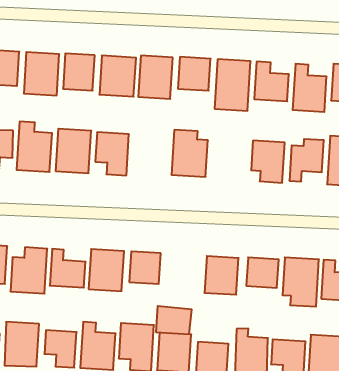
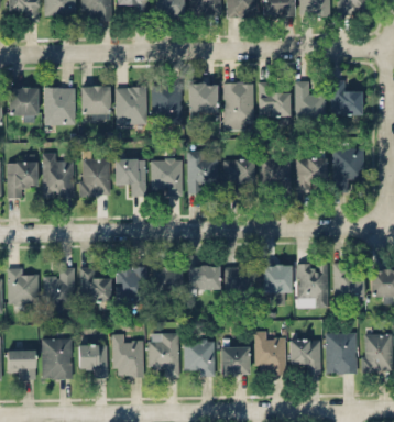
building: none -> [152,154,182,195]
building: none -> [223,159,254,192]
building: [156,306,192,334] -> [188,265,220,289]

